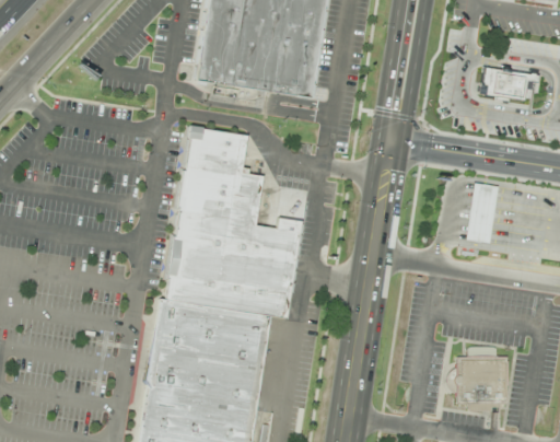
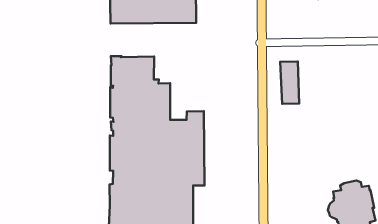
building: [469,182,500,242] -> [280,61,299,104]

